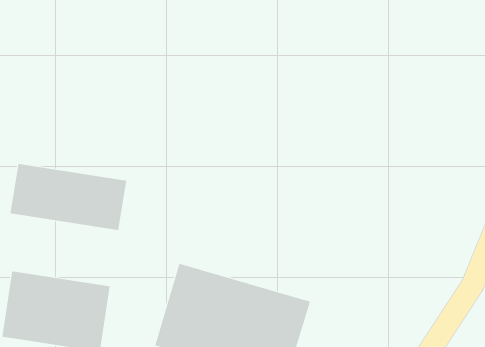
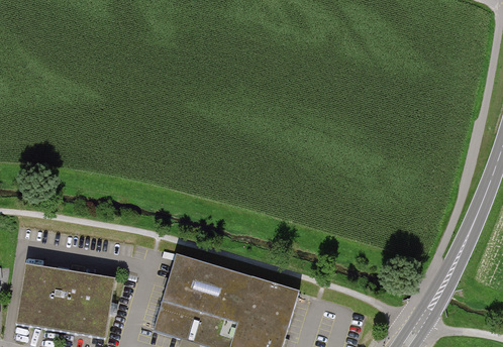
building: [10,163,127,231] -> none

